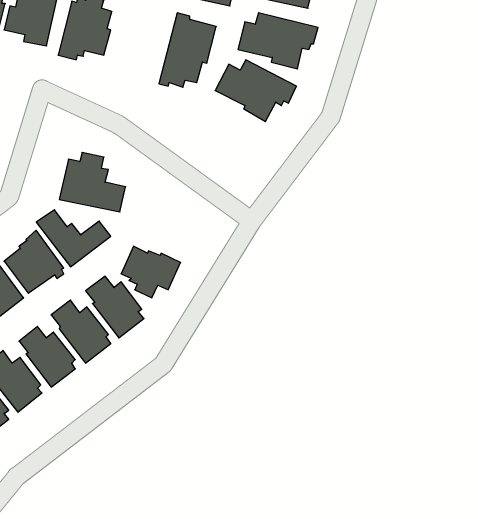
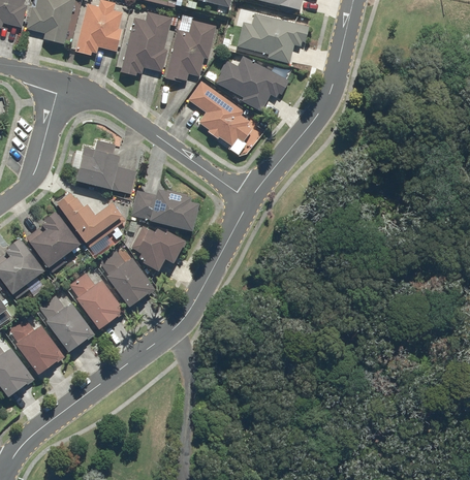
building: none -> [120,6,173,76]
building: none -> [188,82,252,147]
building: none -> [130,188,197,230]

